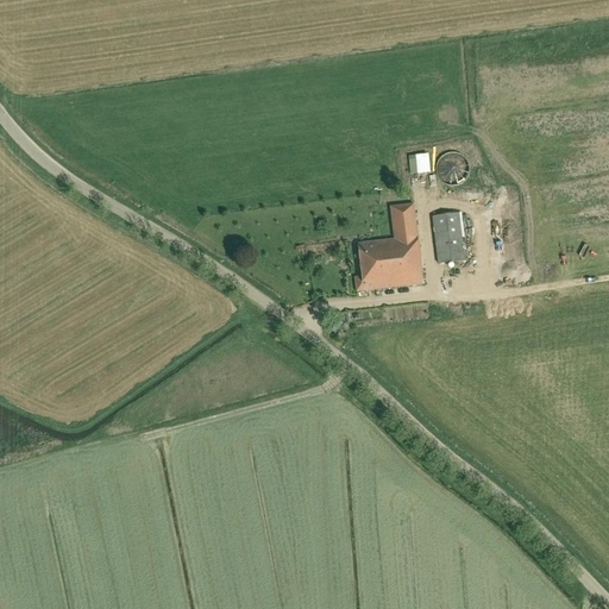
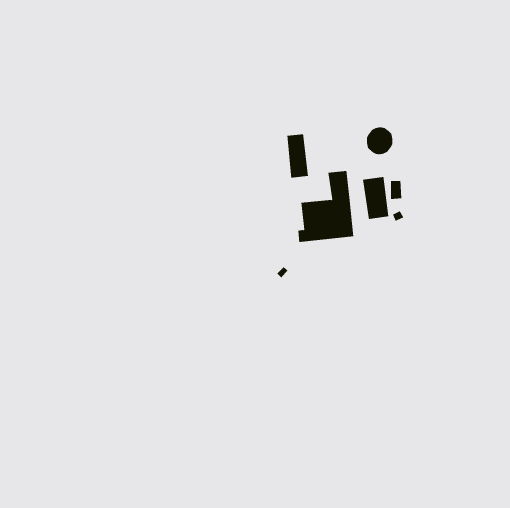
building: none -> [287,134,308,178]

